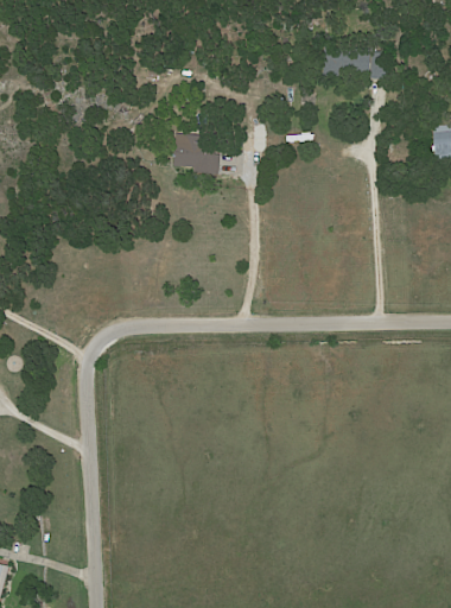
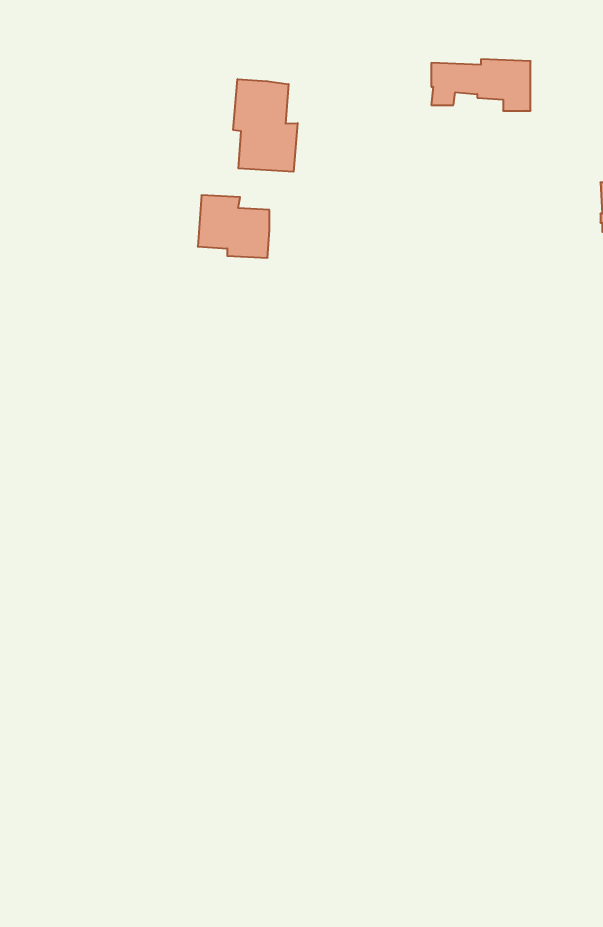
building: none -> [233,79,298,172]

